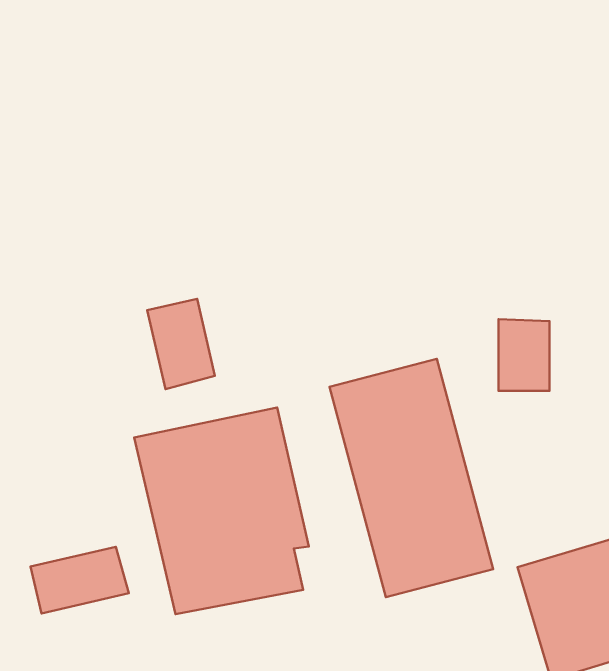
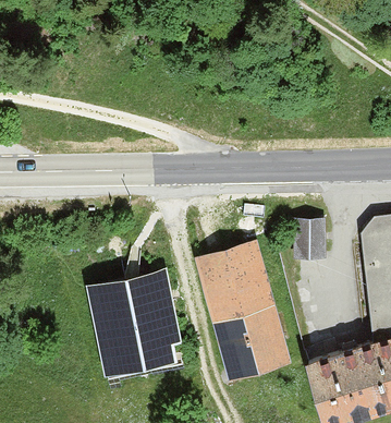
building: [147,299,215,389] -> none
building: [31,547,129,613] -> none

